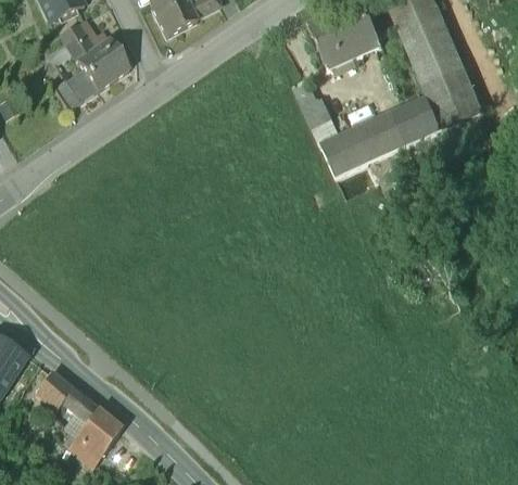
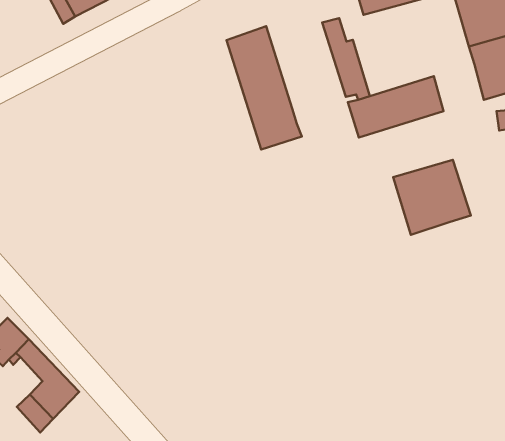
building: none -> [226,26,302,150]
building: [394,101,440,144] -> none
building: none -> [393,160,471,235]

